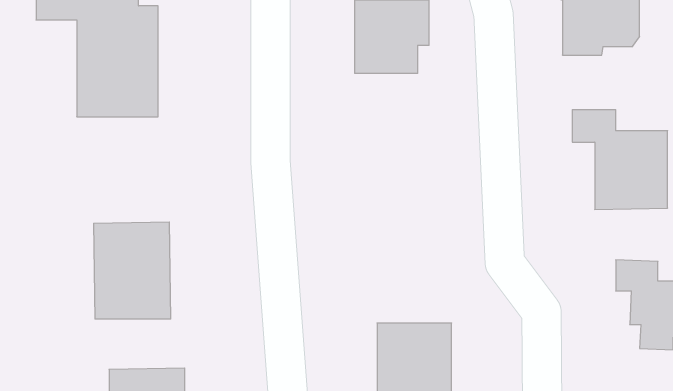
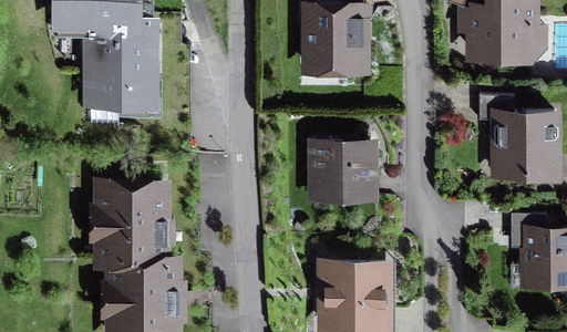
building: none -> [313,143,371,200]
building: none -> [112,262,173,302]

